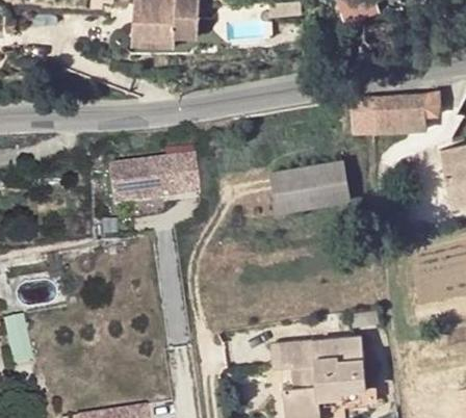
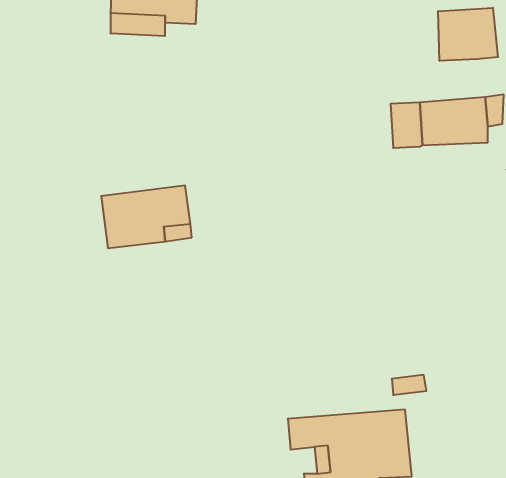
building: none -> [438,8,498,61]
building: [270,160,351,212] -> none

